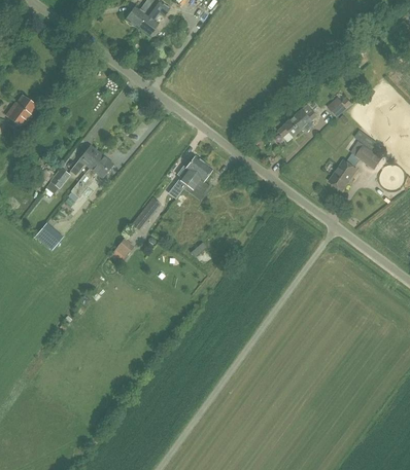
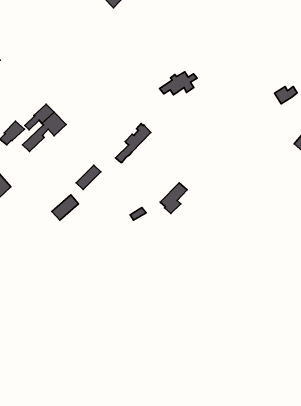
building: [278,109,316,135] -> [159,72,197,95]
building: [329,158,356,189] -> none
building: [185,161,212,194] -> [160,183,187,213]

